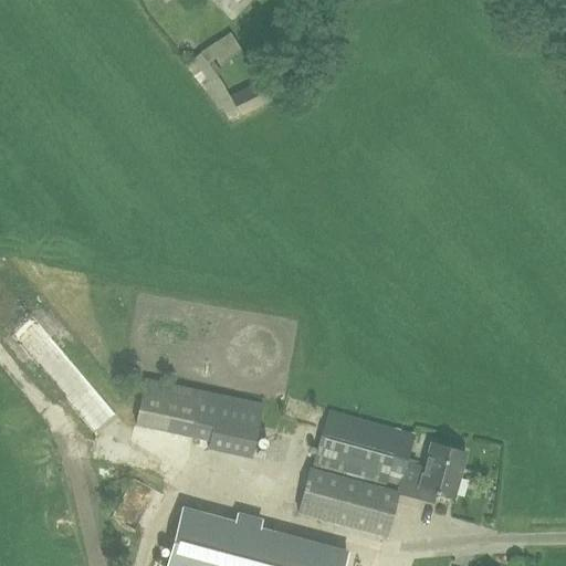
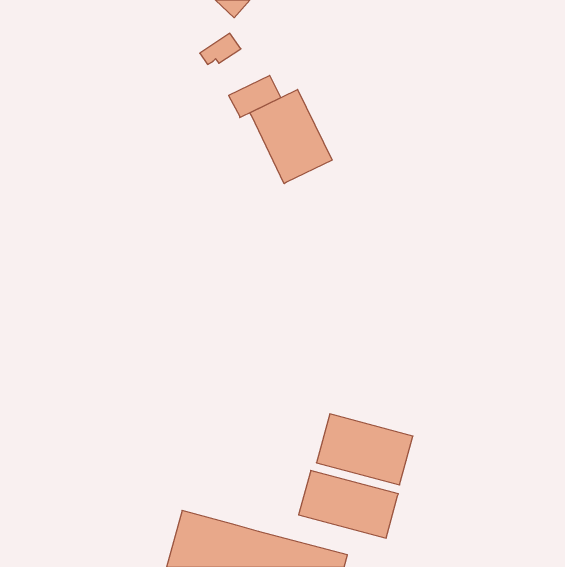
building: none -> [250,89,332,184]
building: [135,378,266,459] -> none
building: [400,443,467,502] -> none

